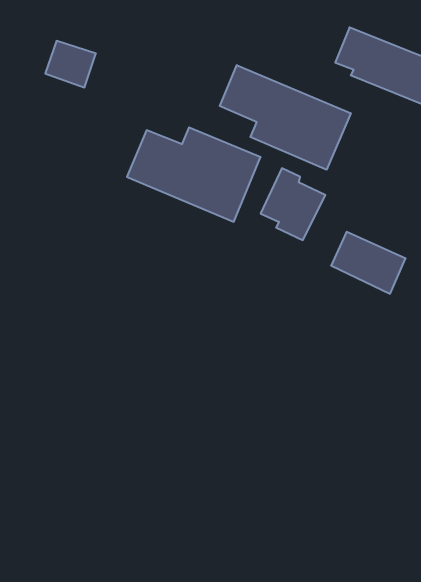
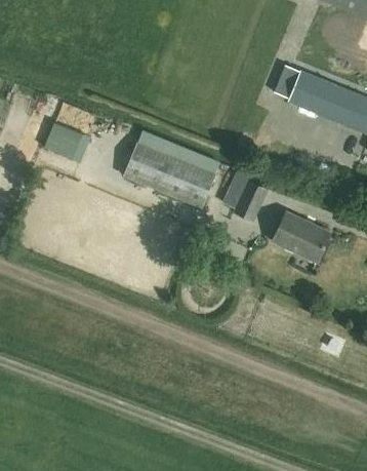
building: [45,41,96,87] -> [50,122,87,156]
building: [220,65,351,170] -> none

